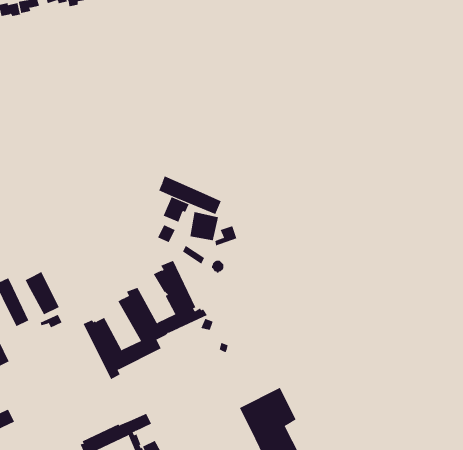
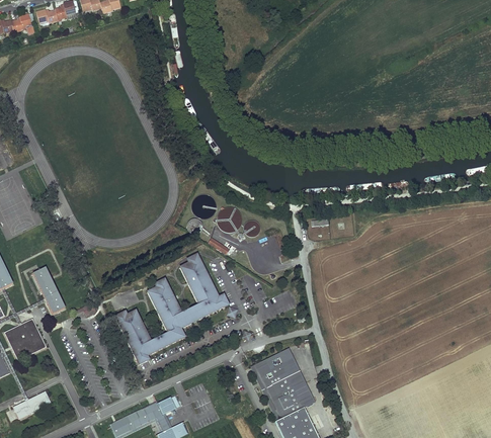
building: [158,175,222,215] -> none
building: [25,271,60,315] -> none
building: none -> [250,349,300,390]

